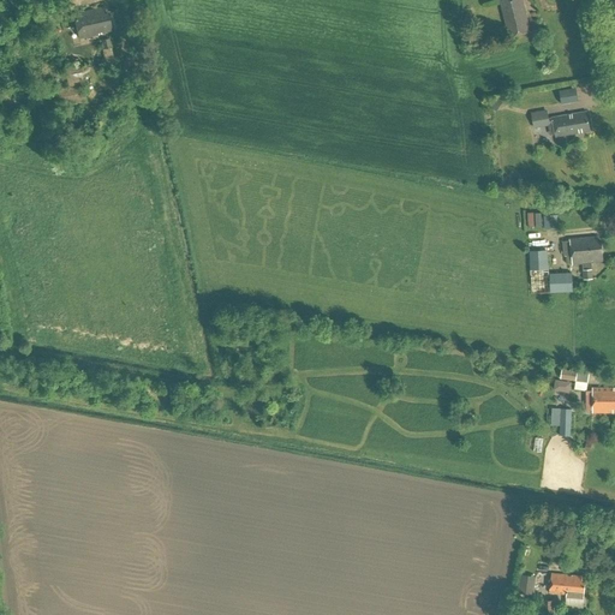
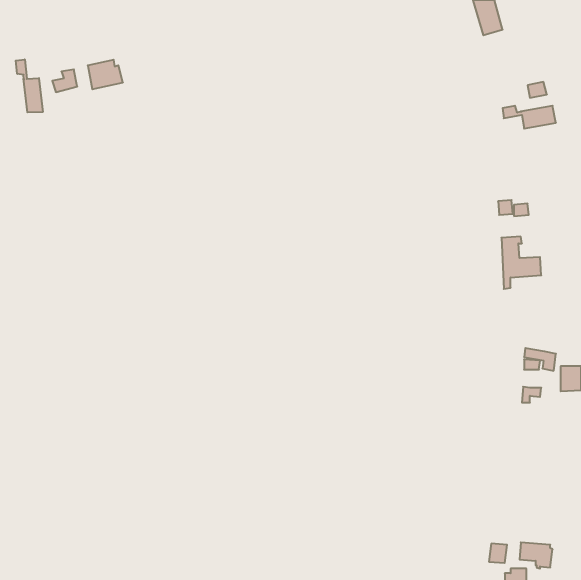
building: [73,7,111,38] -> [88,60,123,89]
building: none -> [16,59,43,112]
building: [559,237,601,281] -> none

